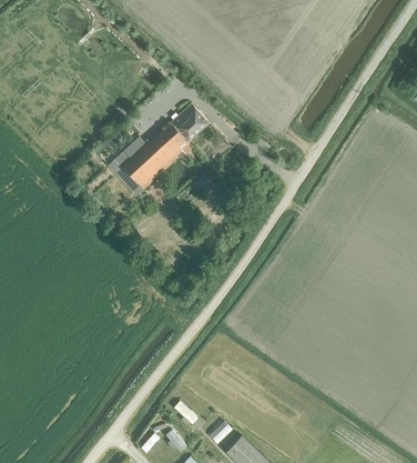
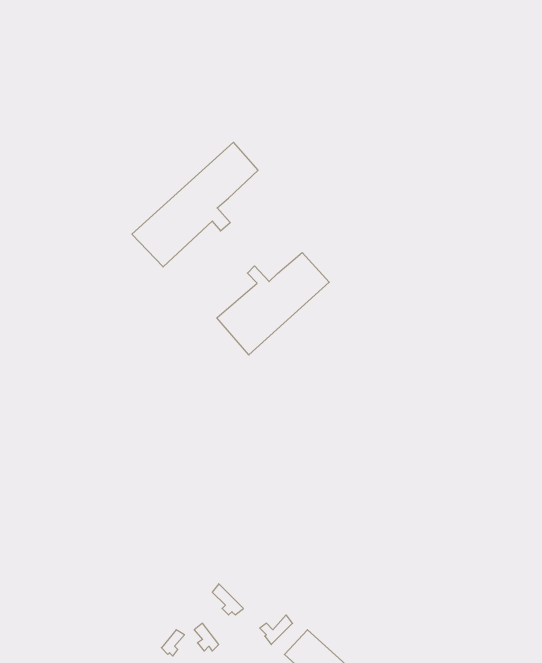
building: none -> [217,253,329,355]

